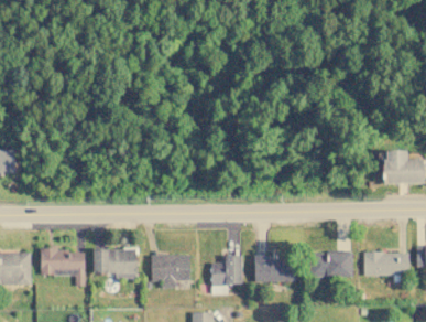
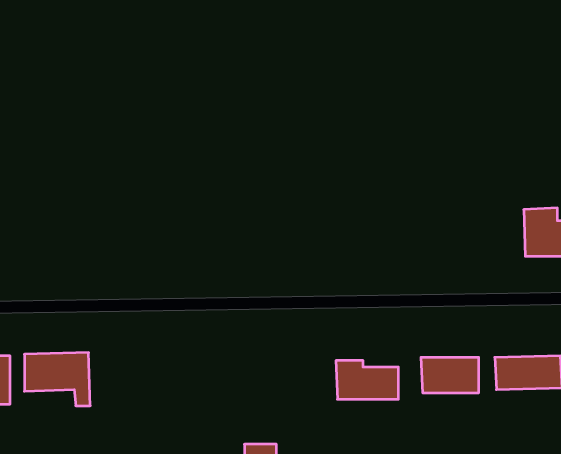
building: [94,248,136,279] -> none
building: [152,255,190,288] -> none
building: [211,255,242,294] -> none

